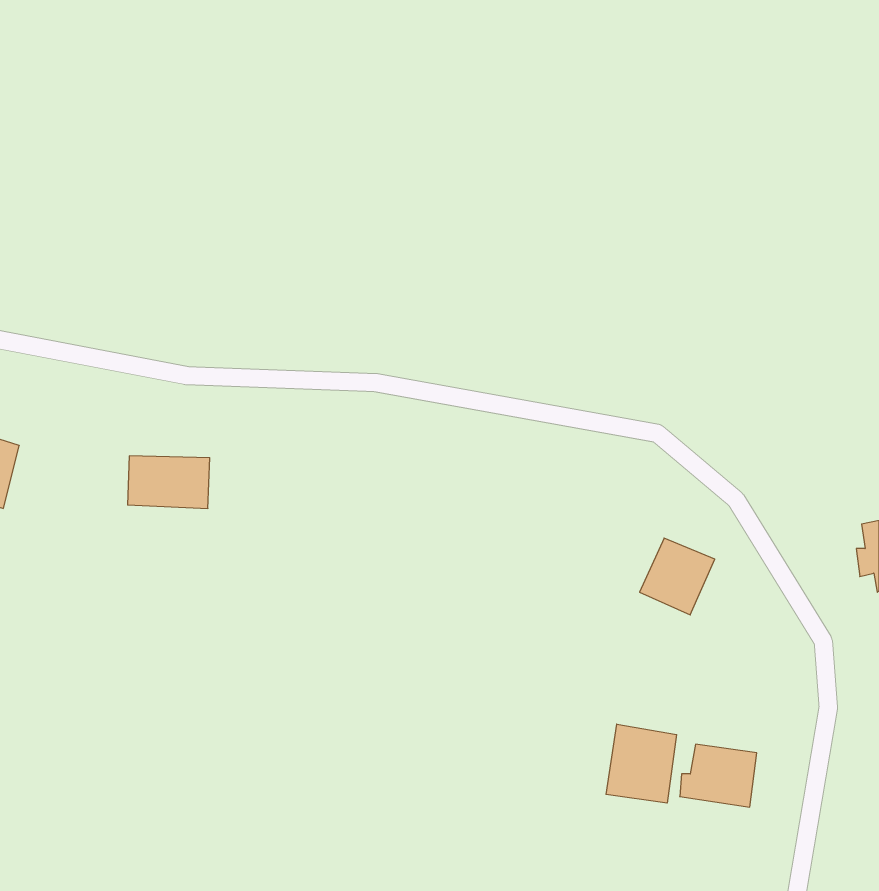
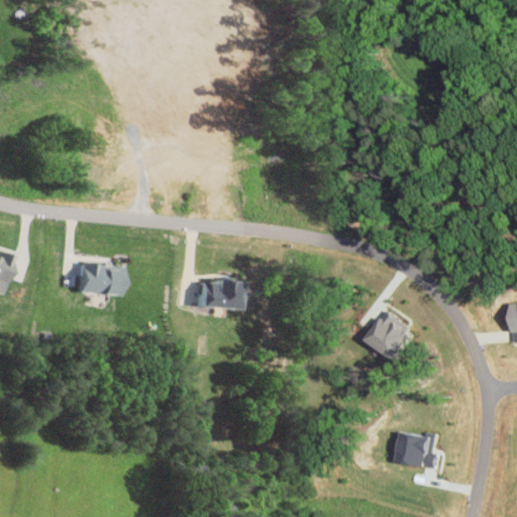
building: none -> [199,280,241,308]
building: [606,724,677,803] -> none

